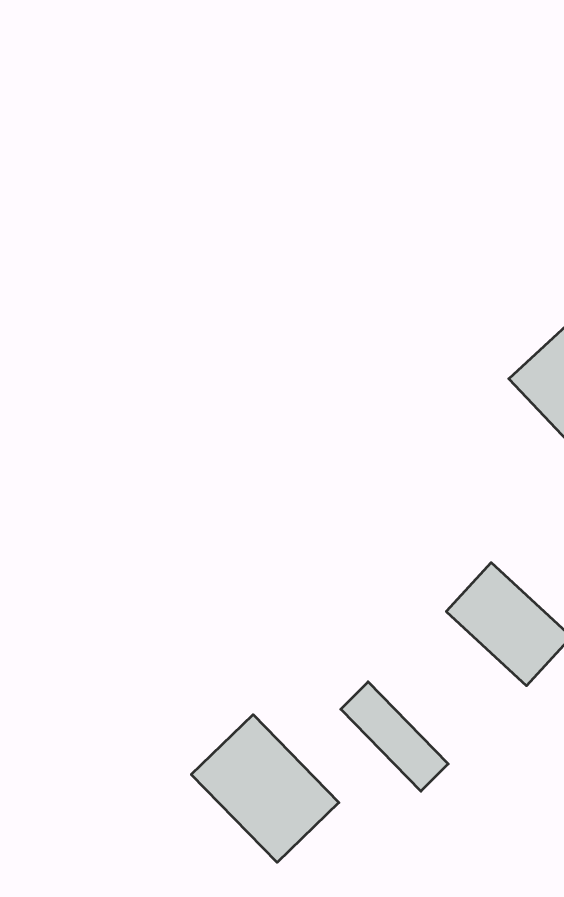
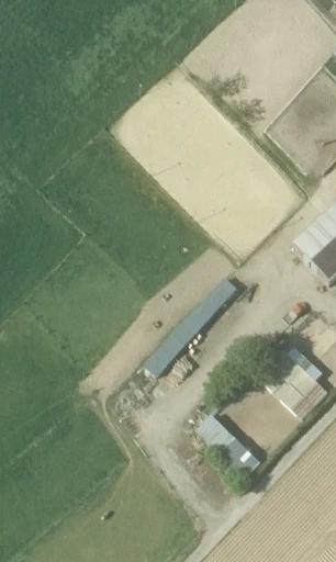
building: none -> [143,274,239,374]
building: [191,715,339,862] -> none

